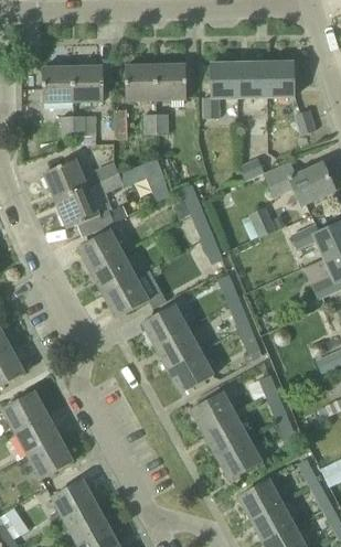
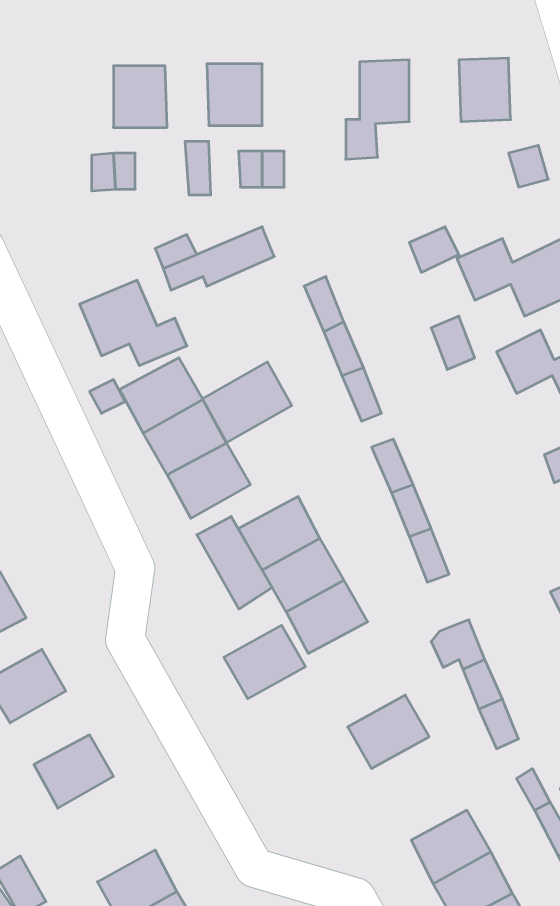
building: [237,63,266,97] -> none
building: [156,64,185,99] -> none
building: [43,66,73,101] -> none
building: [42,158,86,199] -> none
building: none -> [202,362,292,442]
building: none -> [197,516,272,609]
building: [190,393,235,433] -> [224,625,305,699]
building: [15,414,60,454] -> none
building: [216,439,260,480] -> none
building: [51,479,96,519] -> none

